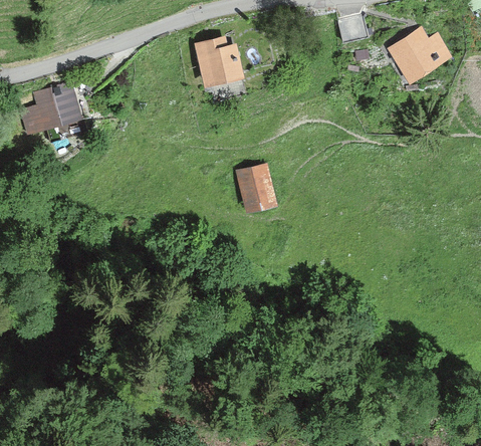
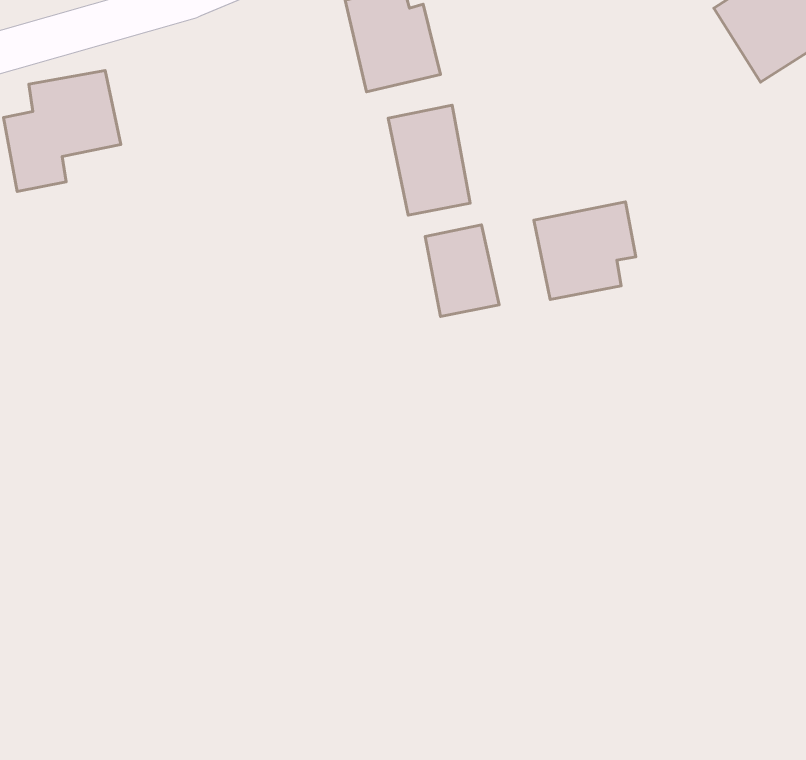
building: none -> [388,105,470,215]
building: none -> [534,202,636,300]

